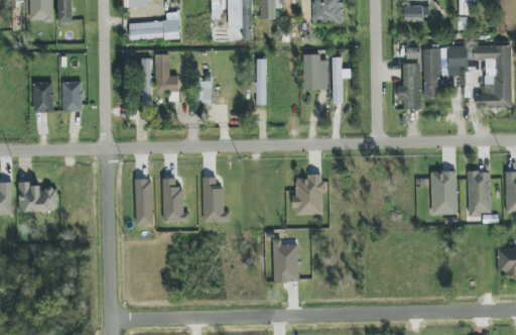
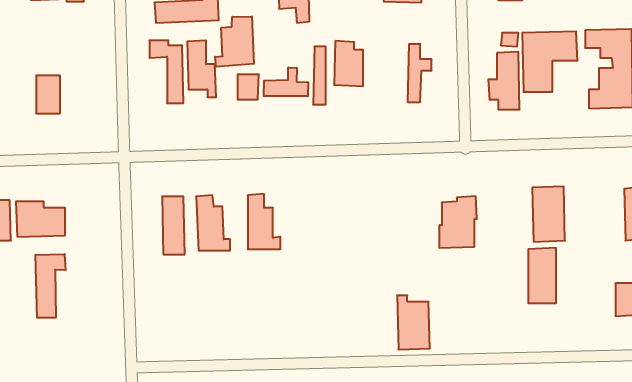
building: none -> [215,16,254,67]
building: [304,53,328,90] -> [334,41,363,86]
building: none -> [264,67,308,96]
building: [62,82,83,112] -> none
building: [469,171,491,215] -> [528,248,556,303]
building: [294,174,325,215] -> [439,196,477,248]
building: none -> [36,254,66,318]
building: [273,239,299,283] -> [397,295,430,350]

